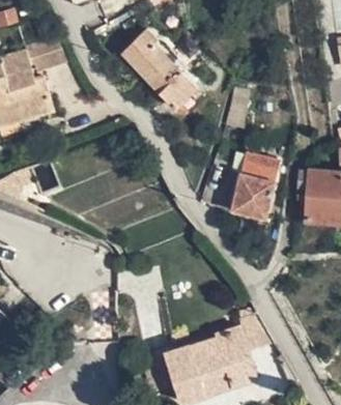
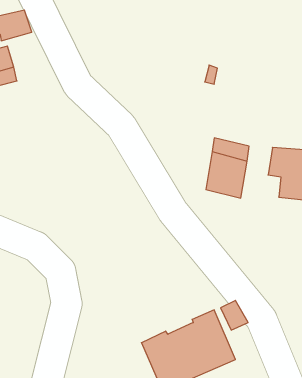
building: [125,31,197,111] -> none

